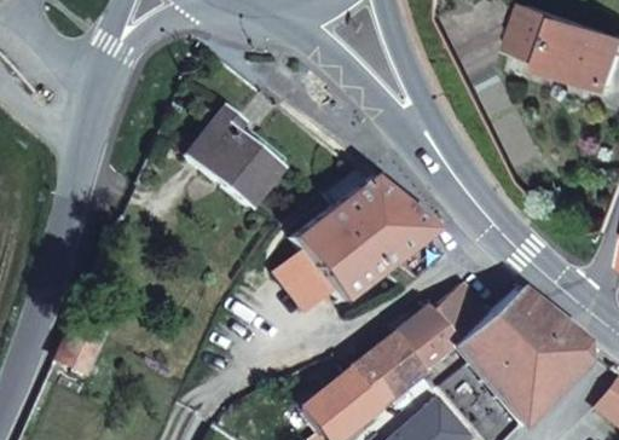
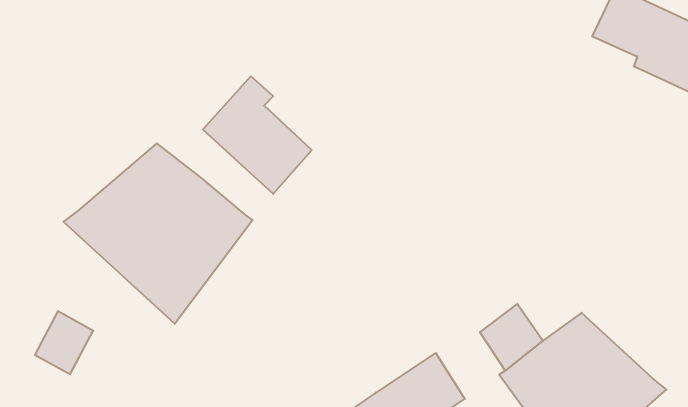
building: none -> [63,143,253,324]
building: [276,175,438,308] -> none
building: [399,307,459,369] -> none

